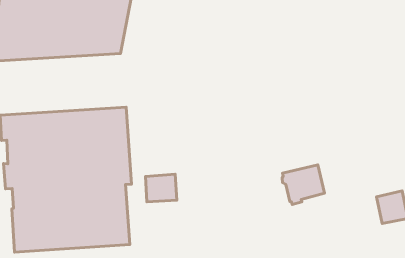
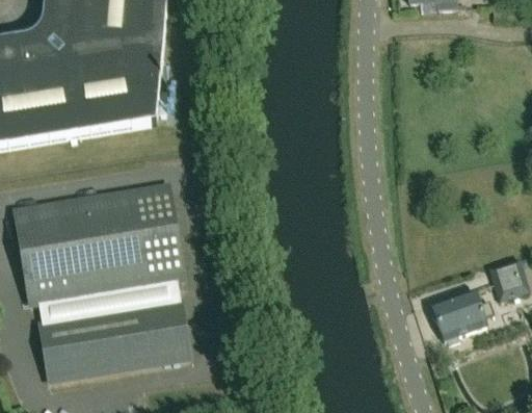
building: [282,165,325,204] -> [431,289,485,341]
building: [145,174,177,202] -> none

